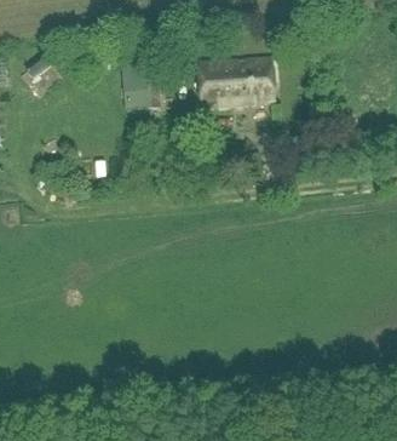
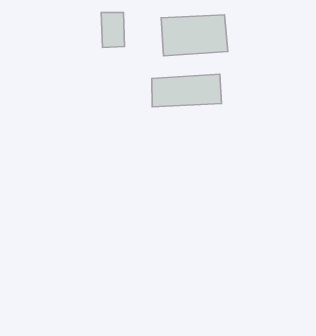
building: none -> [152,74,221,107]

